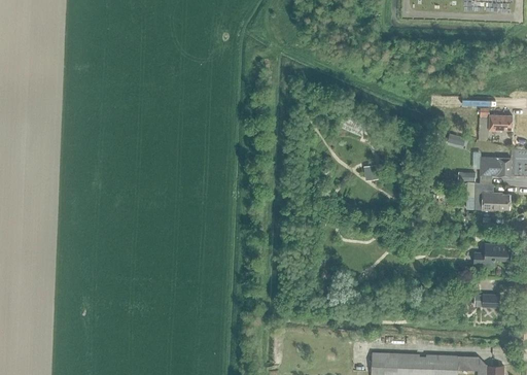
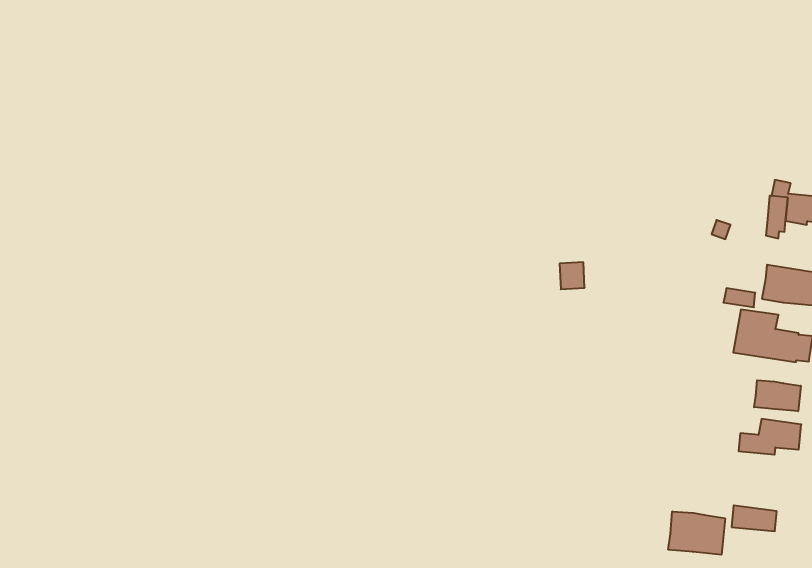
building: none -> [754,380,801,411]
building: none -> [668,511,725,555]

